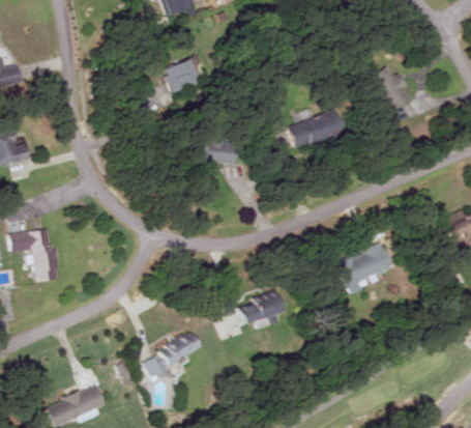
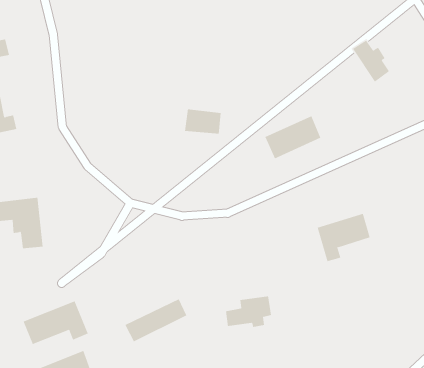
building: [163,56,205,94] -> none
building: [289,106,347,150] -> [264,116,321,159]
building: [237,292,285,324] -> [225,296,272,327]
building: none -> [23,300,89,345]

